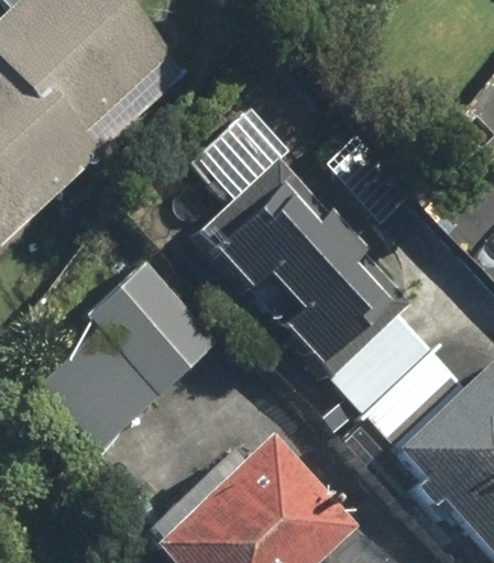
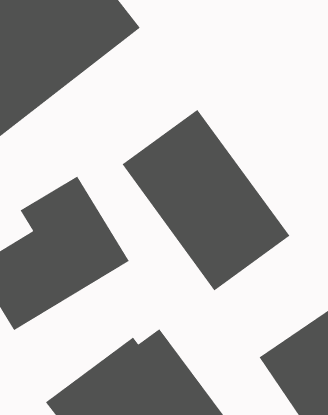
building: [327,316,454,443] -> none

